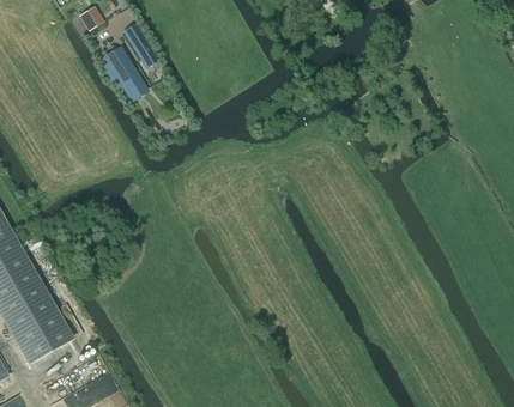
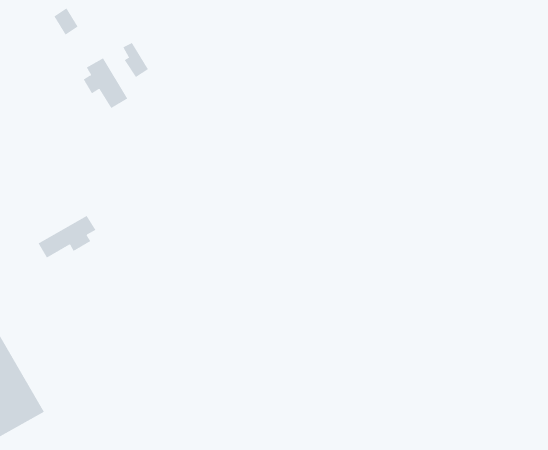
building: none -> [38,215,96,258]

